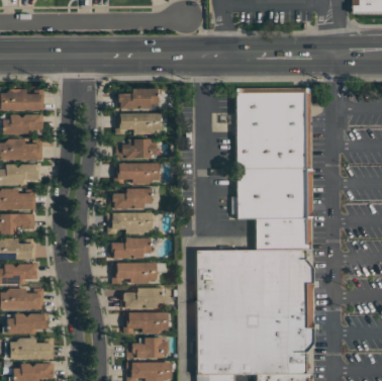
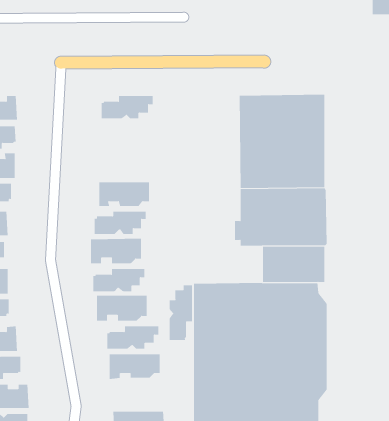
building: [116,113,161,134] -> none
building: [117,139,157,159] -> none
building: none -> [169,285,192,341]
building: [128,339,168,358] -> none

